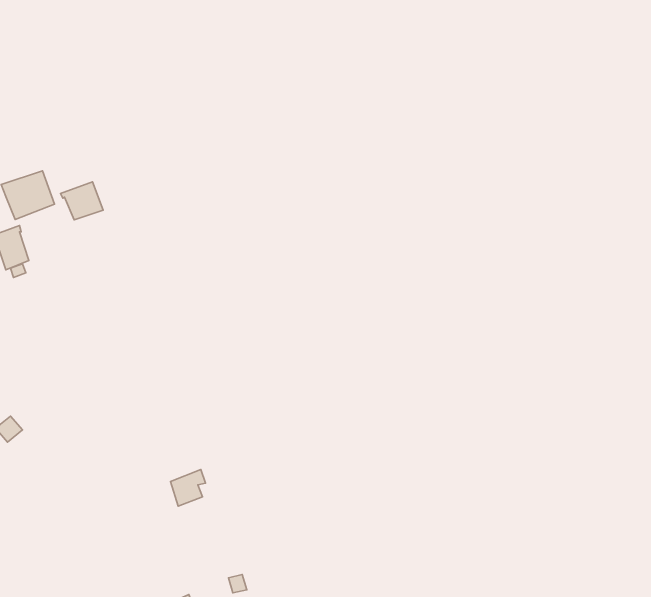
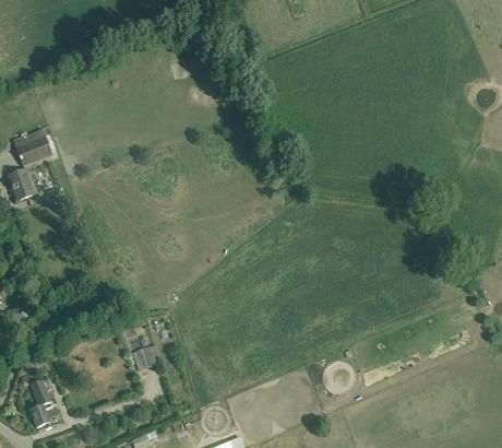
building: [60,182,103,220] -> none
building: none -> [29,379,60,428]

